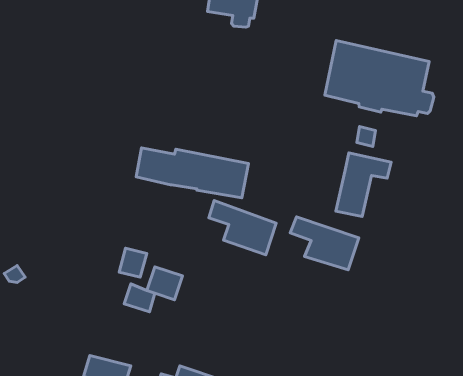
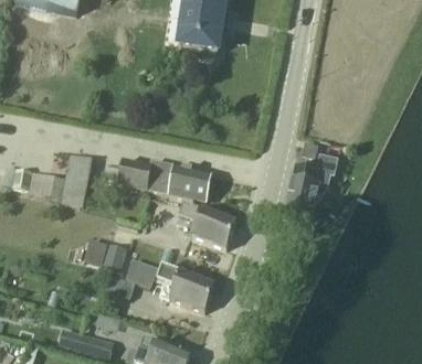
building: [325,41,434,116] -> none
building: none -> [25,156,89,204]
building: [290,217,359,270] -> [156,266,213,310]

